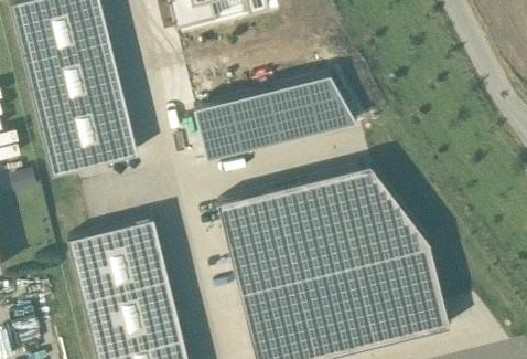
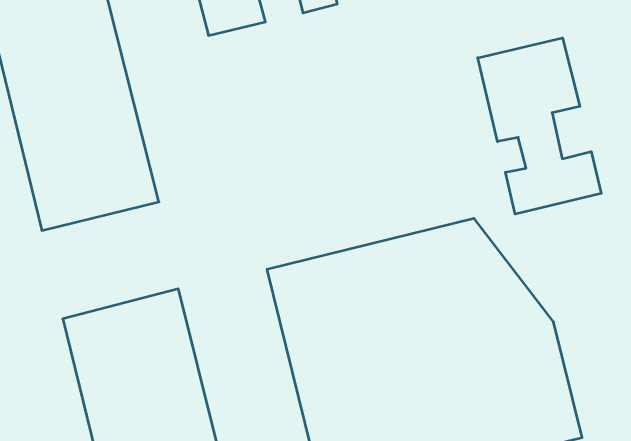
building: none -> [478,38,601,214]
building: [194,76,357,161] -> none

